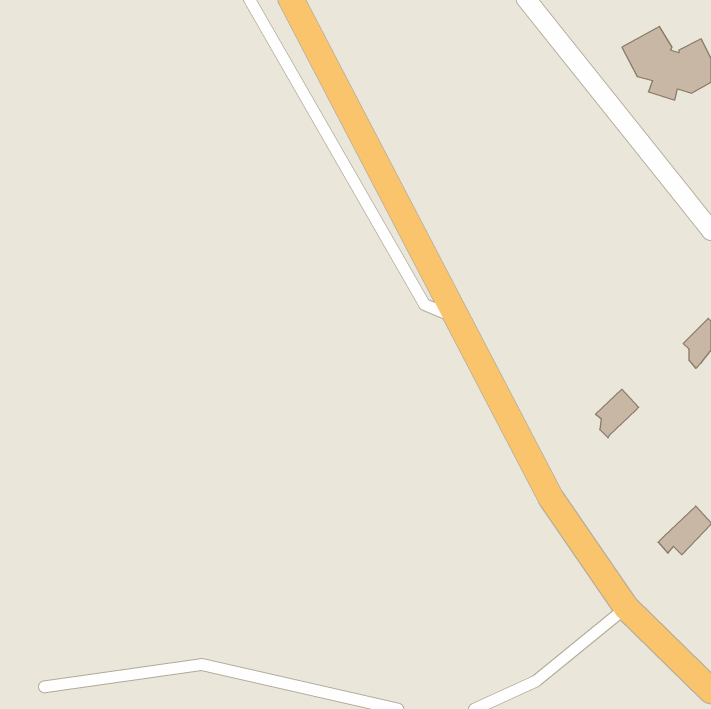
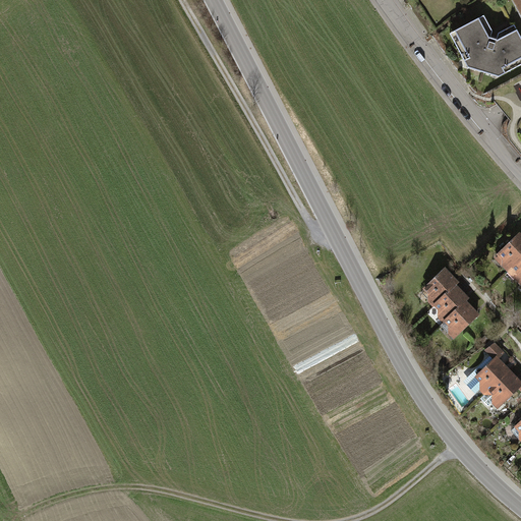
building: none -> [425,269,457,304]
building: none -> [446,300,478,337]
building: none -> [467,344,509,393]

